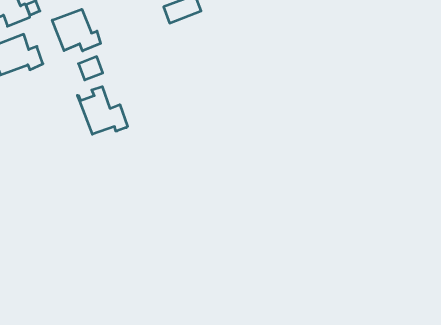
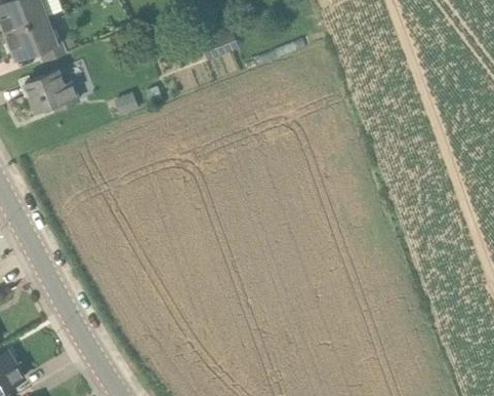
building: [52,9,101,51] -> none
building: [77,87,128,134] -> none

